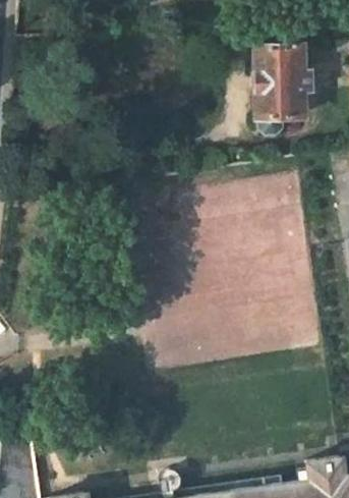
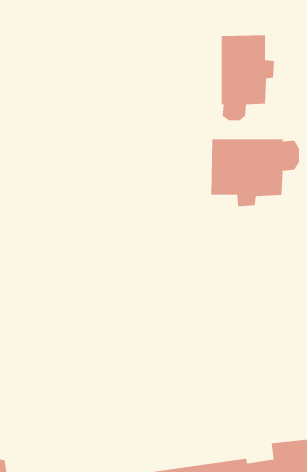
building: none -> [211,138,299,207]

